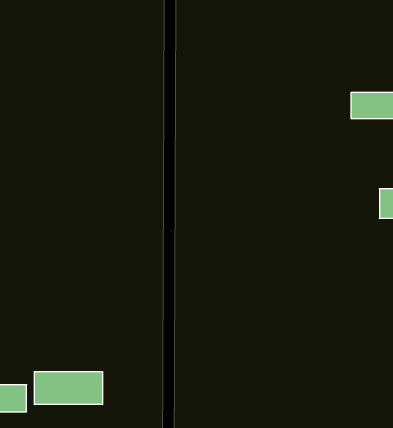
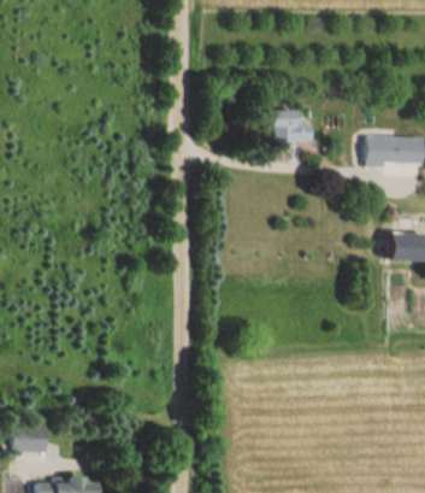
building: none -> [273,110,314,146]
building: [34,372,102,405] -> none

